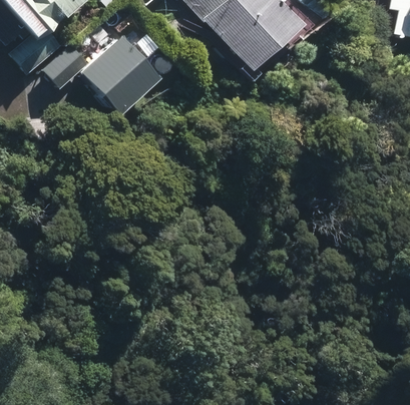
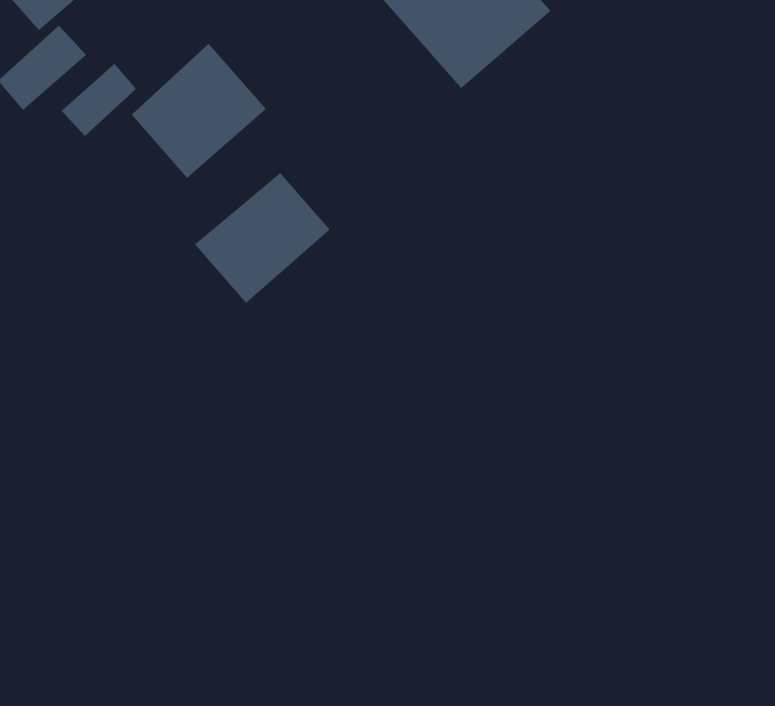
building: none -> [194,172,331,304]

